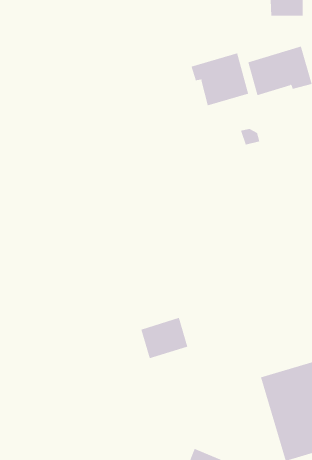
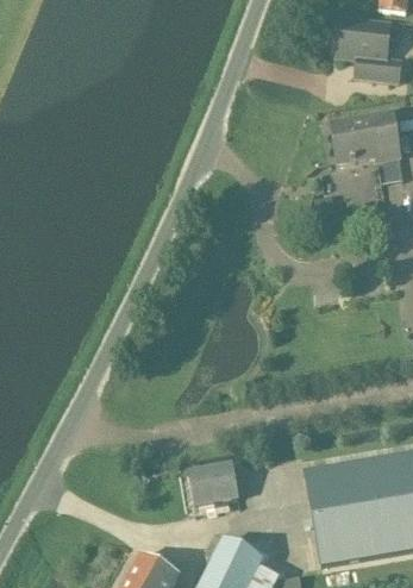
building: [191,53,249,106] -> none
building: [140,317,188,359] -> [188,464,238,506]

